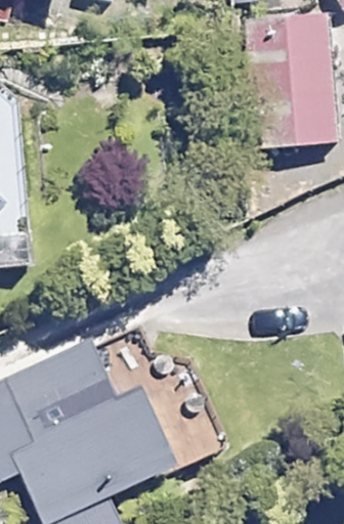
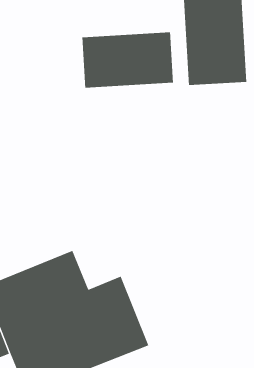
building: none -> [82,31,174,88]

